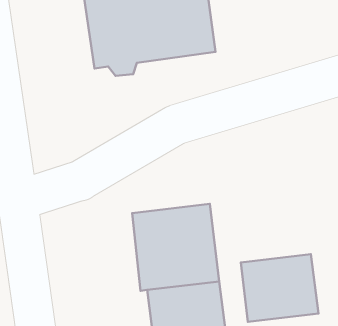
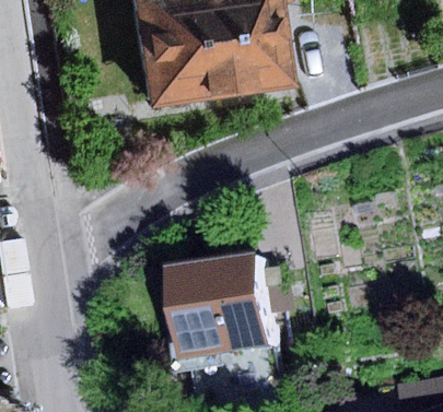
building: [241,254,319,322] -> none

